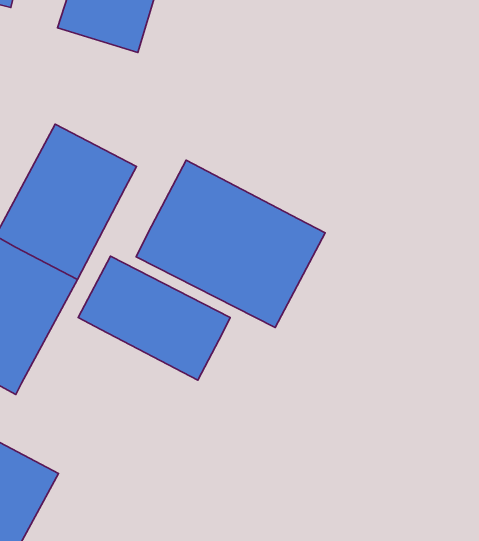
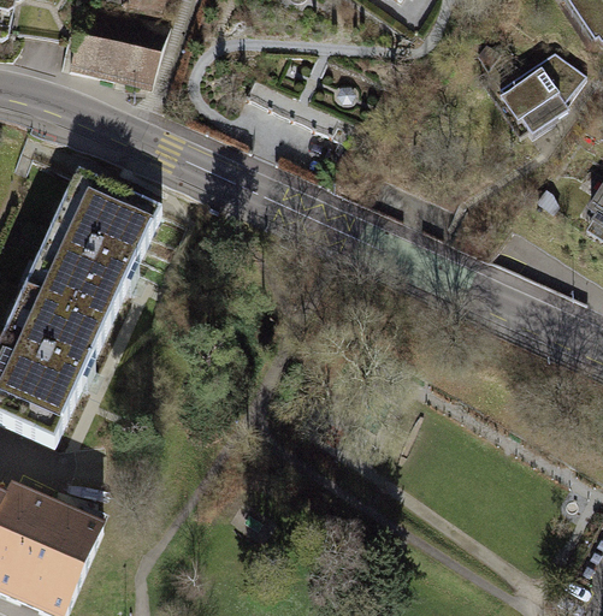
building: [136,160,325,328] -> none
building: [78,256,230,380] -> none

